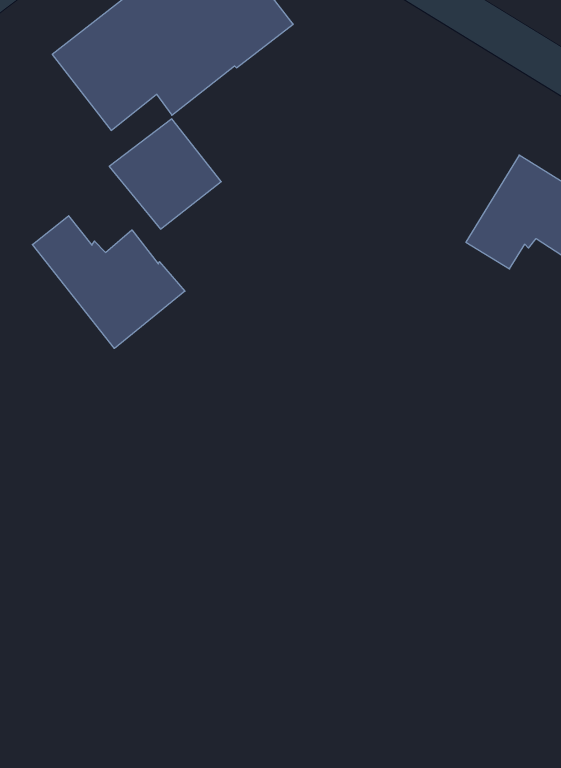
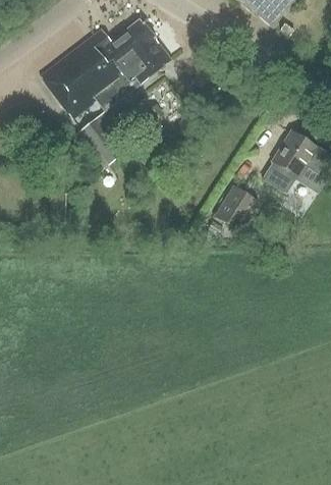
building: [32,216,185,348] -> none
building: none -> [213,183,260,231]

